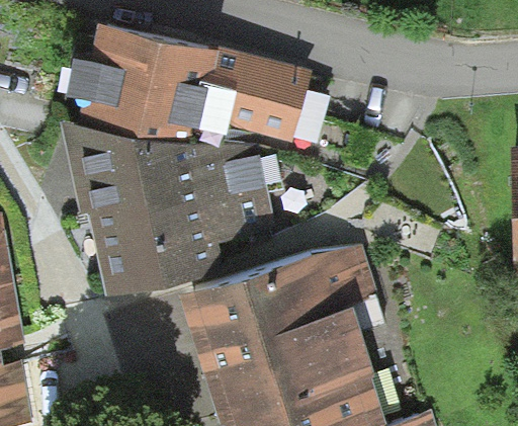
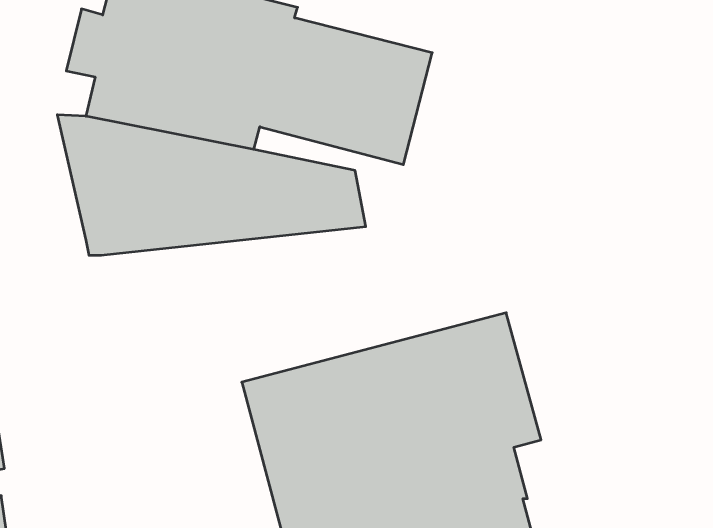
building: [89,188,278,292] -> none

